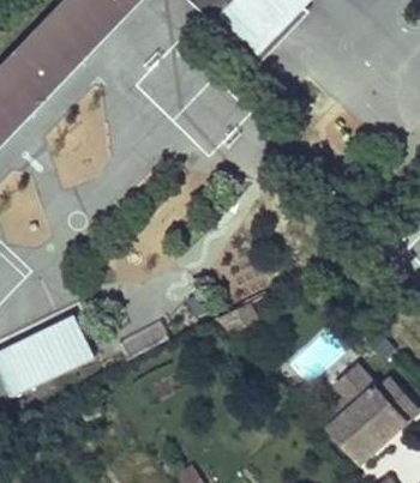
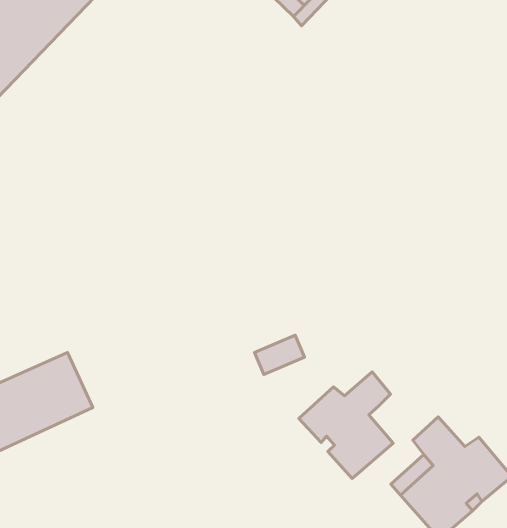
building: none -> [299,372,393,478]

